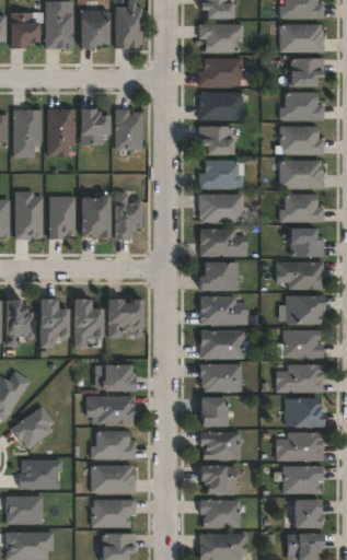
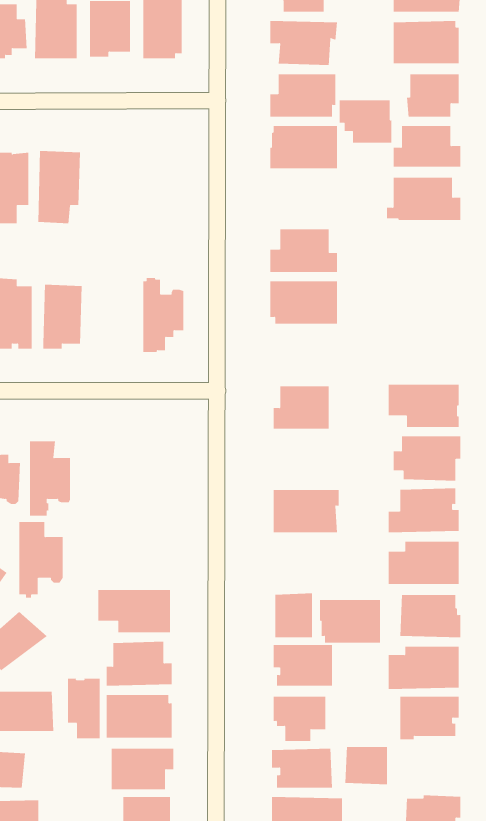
building: [81,108,111,145] -> none
building: [116,109,143,149] -> none
building: [199,126,234,154] -> [339,100,392,143]
building: [280,160,325,188] -> none
building: [280,194,324,222] -> none
building: [82,195,112,237] -> none
building: [289,228,324,257] -> none
building: [200,229,248,256] -> none
building: [200,296,248,325] -> none
building: [74,300,104,350] -> [19,522,64,598]
building: [109,300,143,338] -> none
building: [201,364,242,393] -> [319,600,381,643]
building: [103,365,136,392] -> none
building: none -> [68,678,100,739]
building: [294,501,323,526] -> [345,746,388,785]

